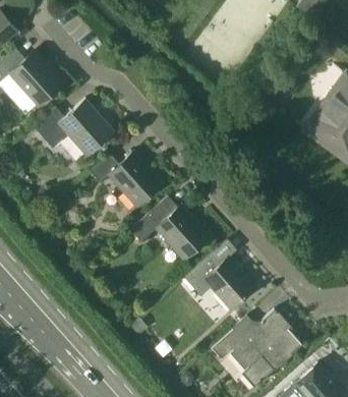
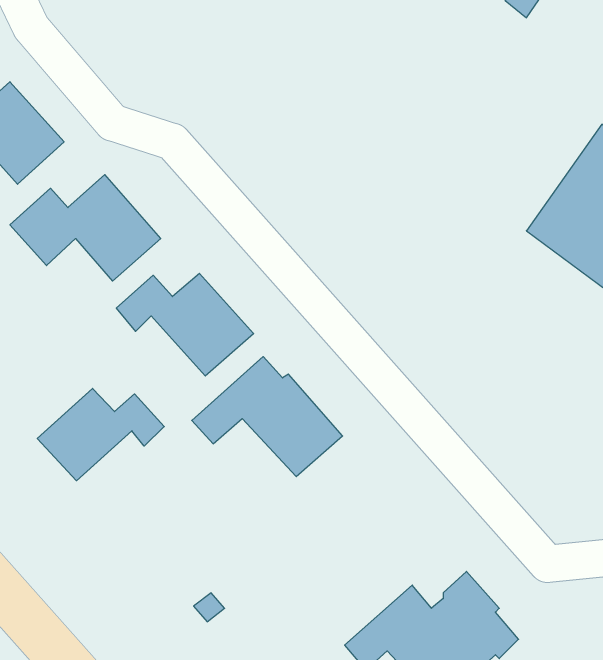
building: none -> [37,388,164,481]
building: [184,253,255,309] -> none

